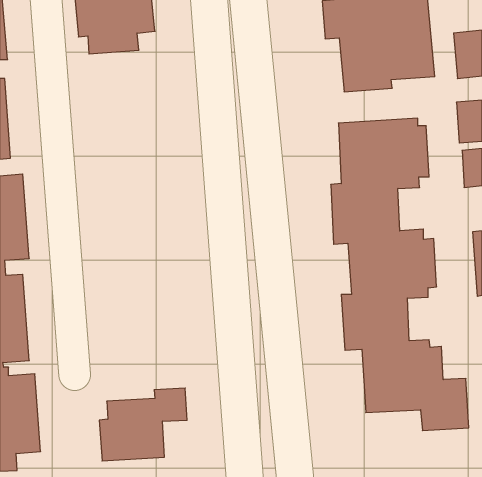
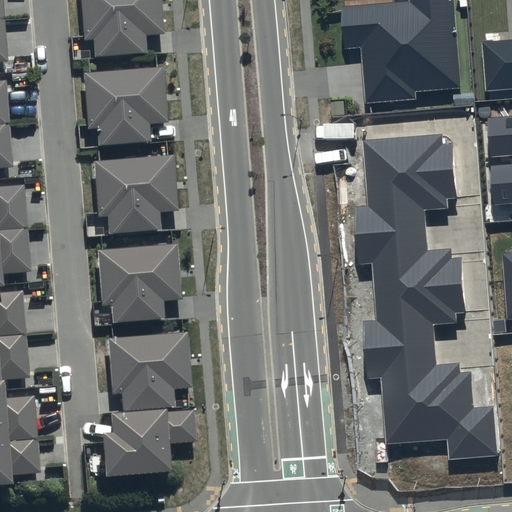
building: none -> [83,67,169,146]
building: none -> [94,154,179,234]
building: none -> [97,244,182,324]
building: none -> [108,333,192,412]

